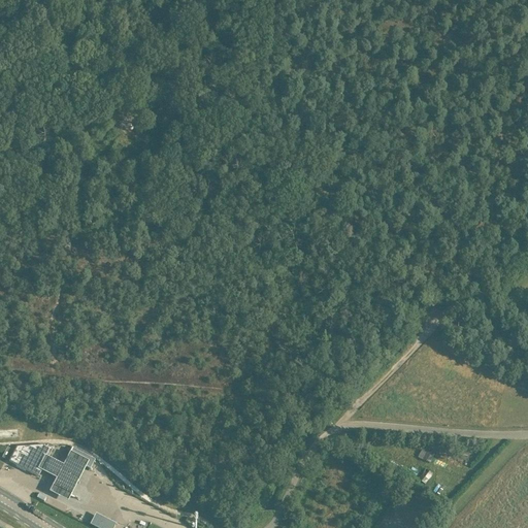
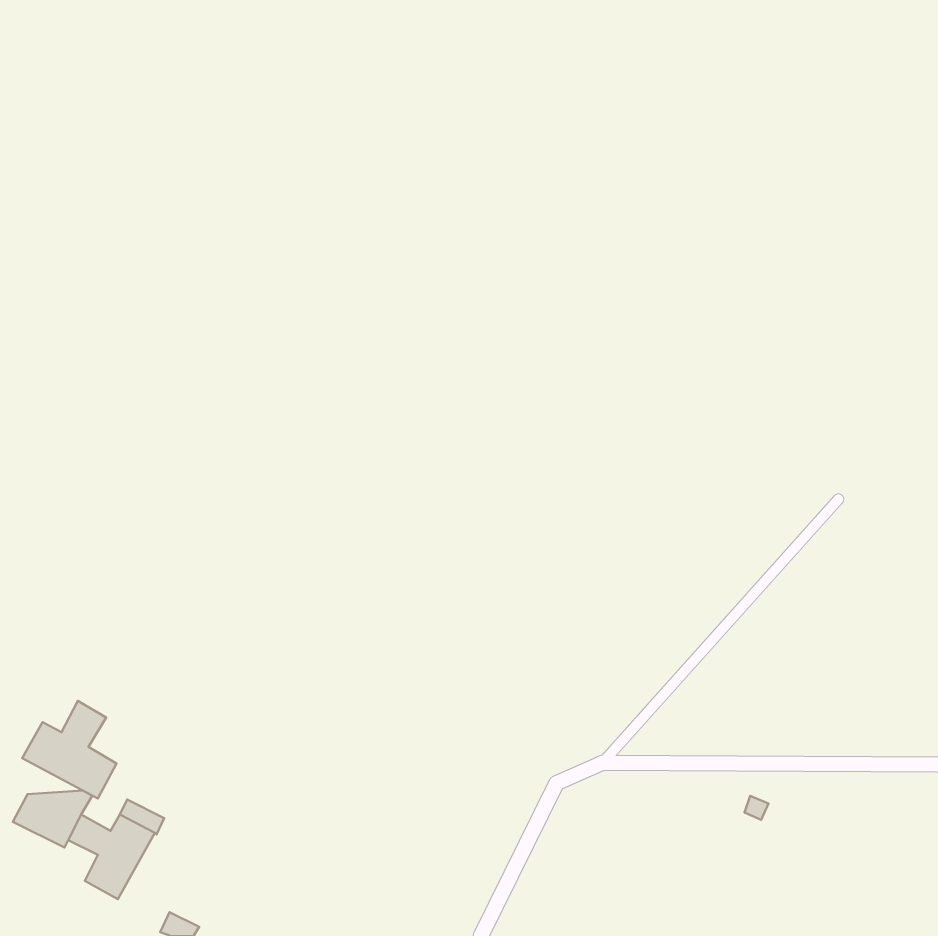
building: none -> [22,701,117,798]

